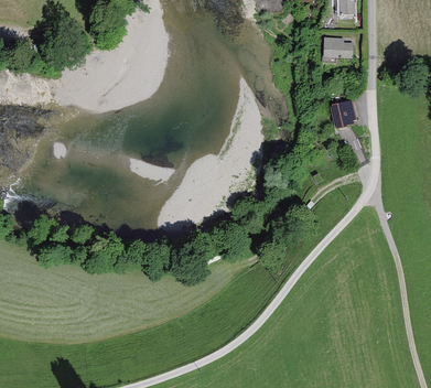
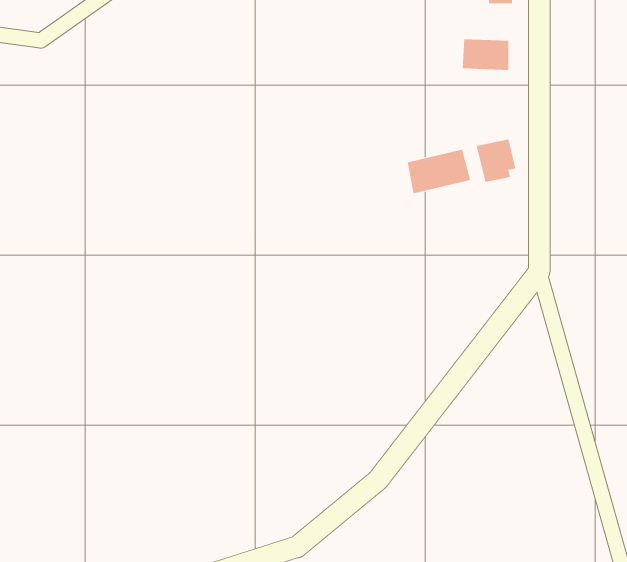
building: none -> [407,149,471,194]

